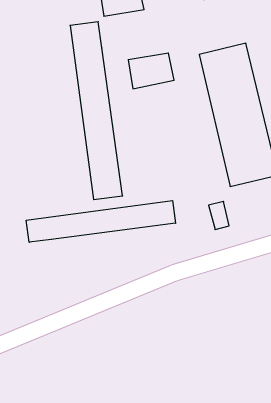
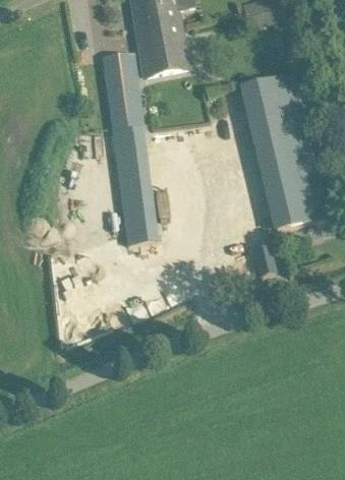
building: [128,53,174,89] -> [138,37,188,75]
building: [26,201,176,242] -> none

